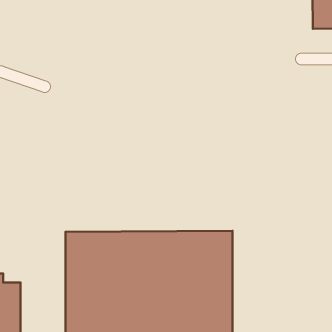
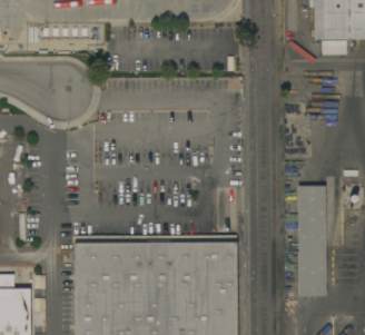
building: none -> [298,186,326,296]

